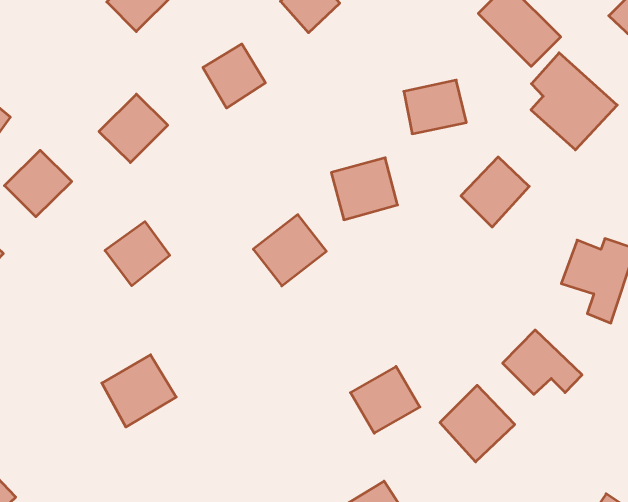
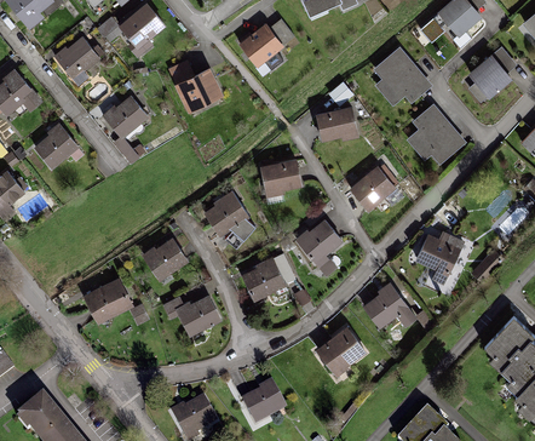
building: none -> [52,35,99,81]
building: [105,222,170,286] -> [144,236,189,280]
building: none -> [297,217,345,265]
building: none -> [176,292,223,338]
building: [350,366,420,433] -> [242,256,289,300]

